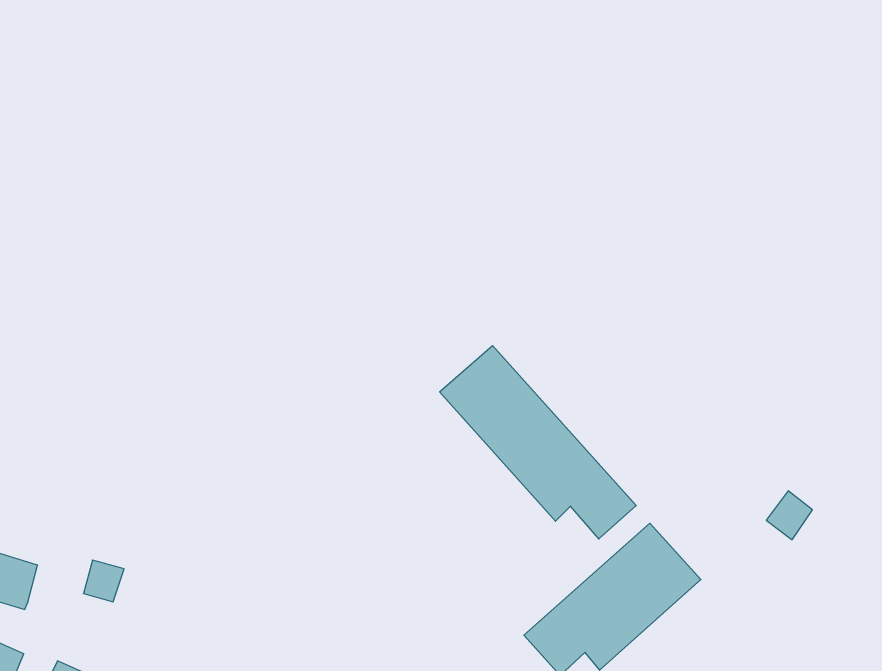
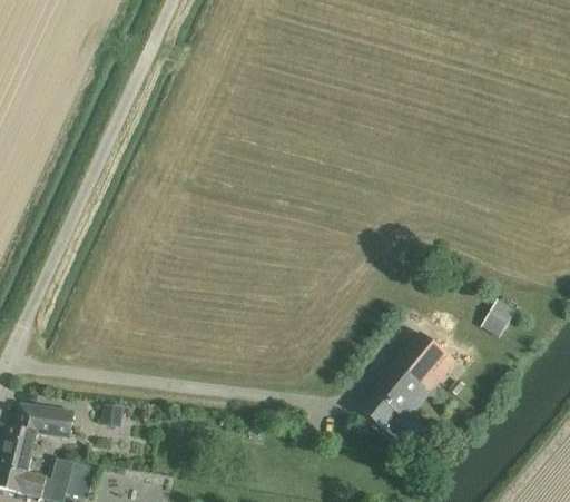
building: [440,346,636,539] -> none

